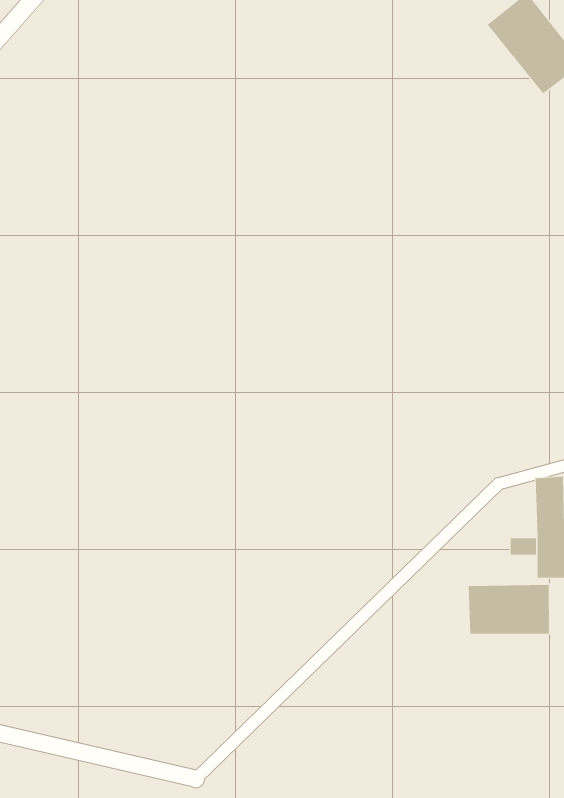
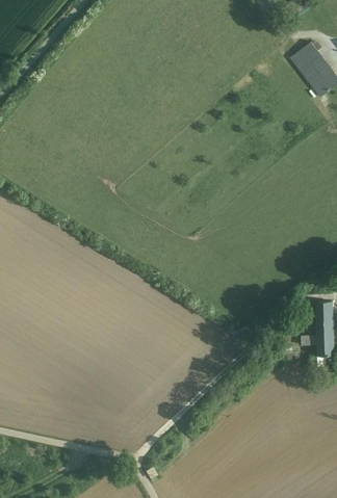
building: [468,584,549,634] -> none

